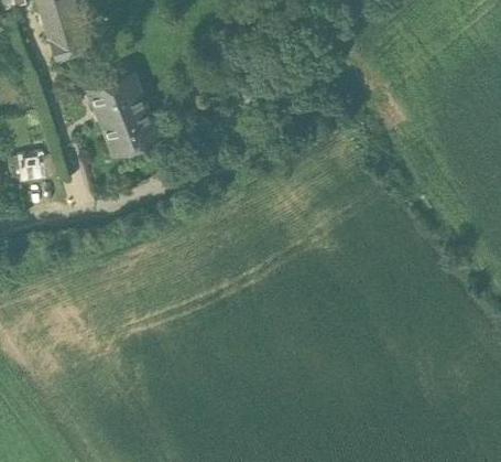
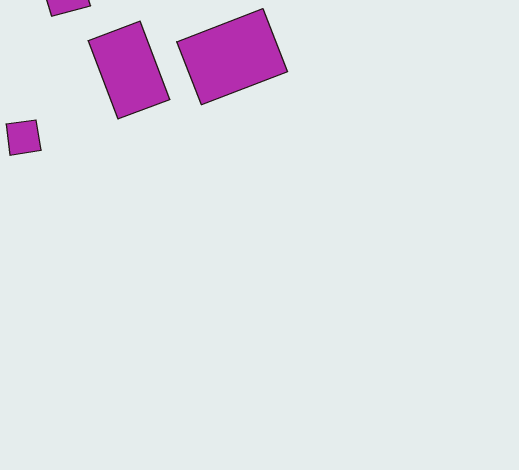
building: none -> [177,9,288,105]

